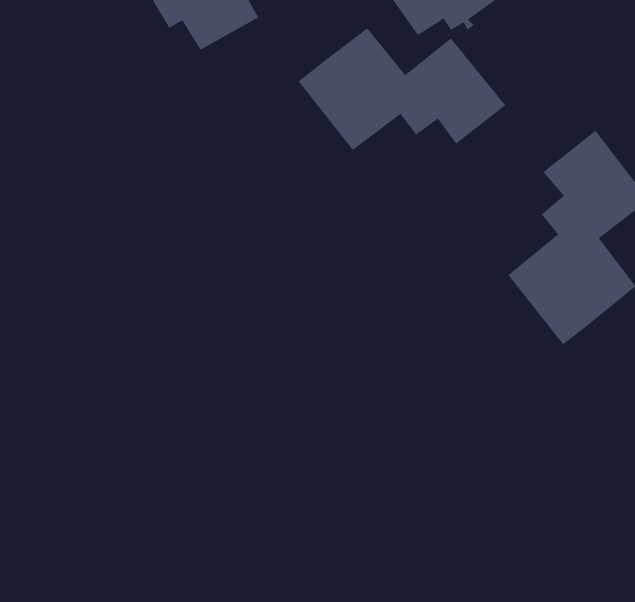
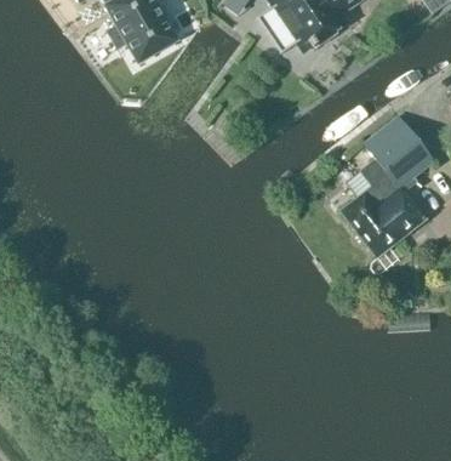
building: [298,27,506,151] -> none

